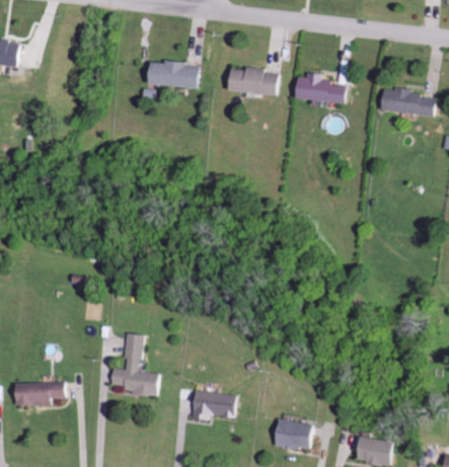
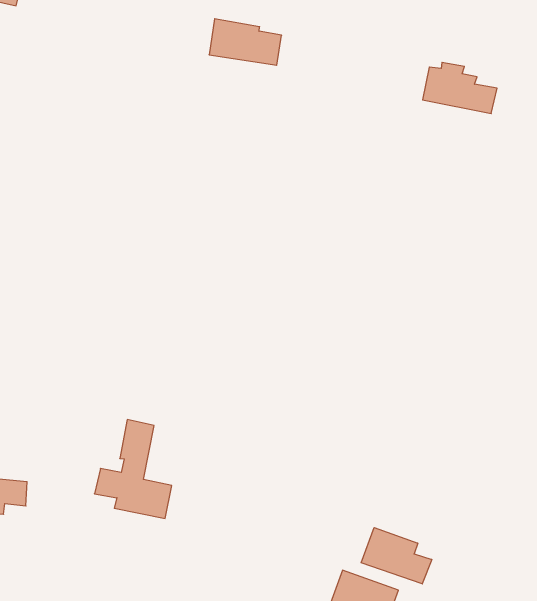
building: [229,67,279,96] -> none
building: none -> [361,528,432,584]
building: [191,389,239,420] -> none

